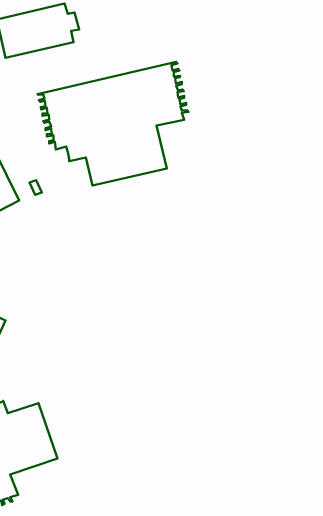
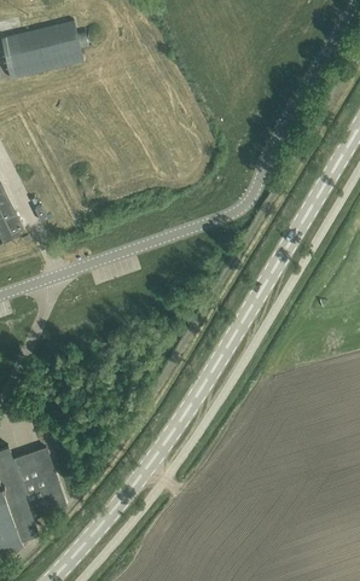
building: [37,62,188,185] -> none

